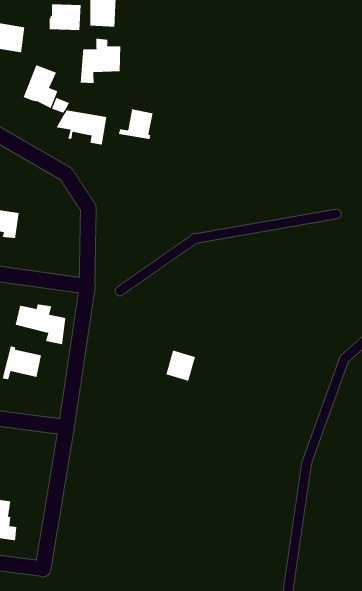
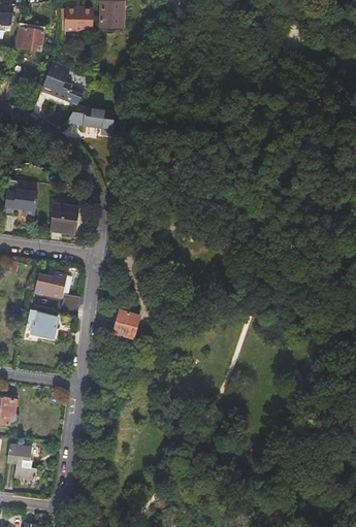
building: [80,38,121,84] -> none
building: [118,108,153,140] -> none
building: none -> [50,204,78,234]
building: [165,350,196,381] -> [114,310,140,338]

